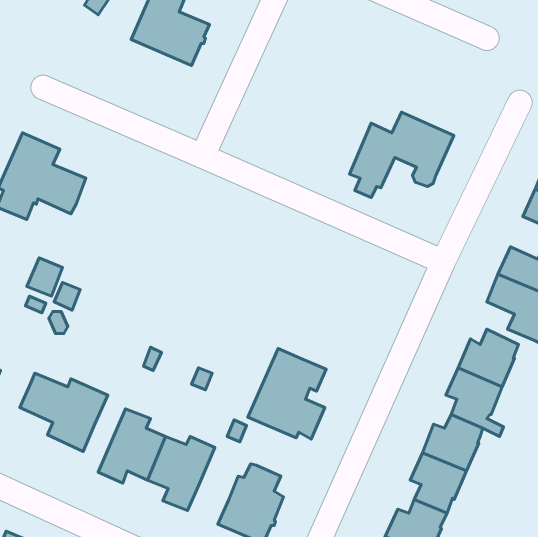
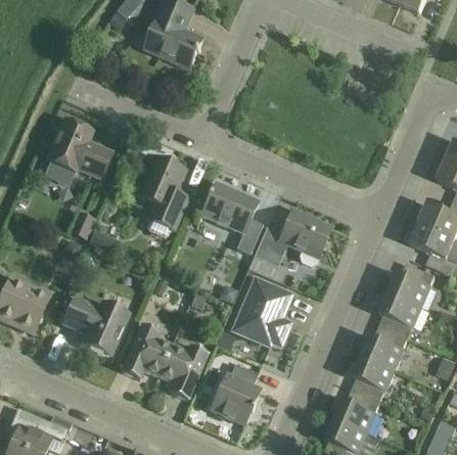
building: [349,112,454,197] -> [253,210,330,273]
building: none -> [137,156,186,237]
building: none -> [198,182,262,254]

